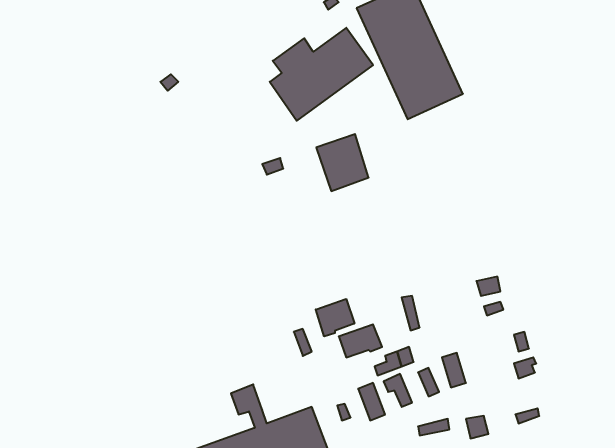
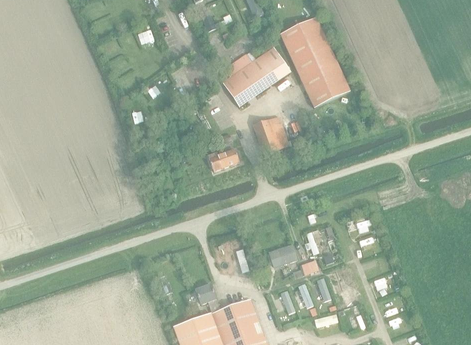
building: none -> [208,150,239,171]
building: [316,299,354,336] -> none

